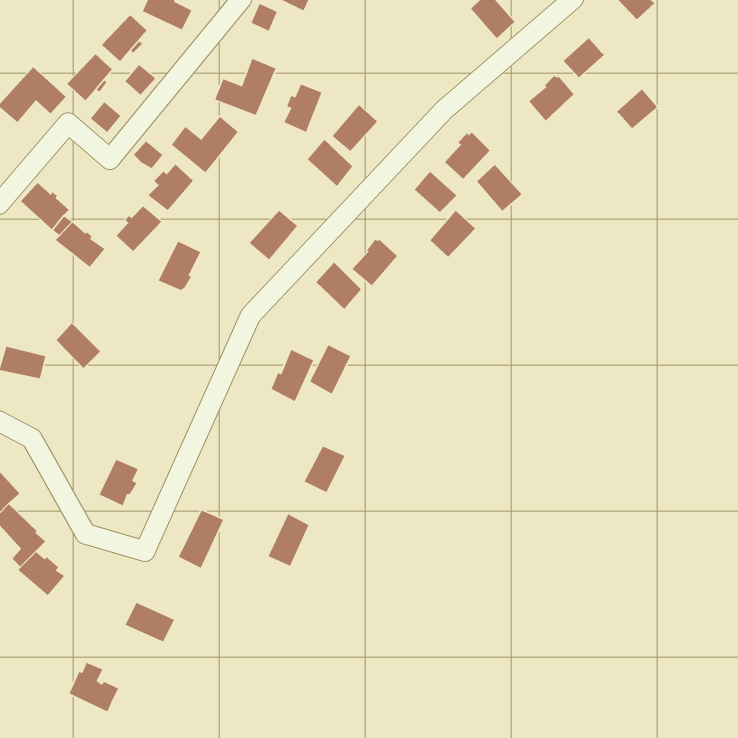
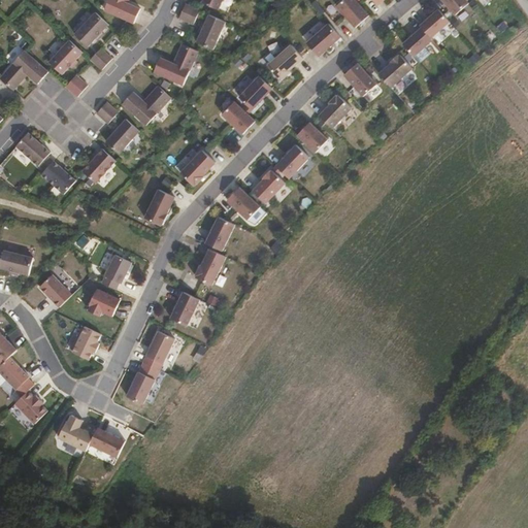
building: none -> [303,22,338,56]
building: none -> [264,42,300,77]
building: [283,84,322,133] -> [196,12,224,47]
building: [616,89,658,129] -> [418,8,448,37]
building: [476,164,522,212] -> [341,62,374,96]
building: [429,210,476,257] -> [274,143,307,177]
building: [158,240,201,291] -> [141,189,172,225]
building: [56,323,101,369] -> [37,275,69,308]
building: [309,344,351,395] -> [203,216,233,252]
building: none -> [100,255,130,289]
building: none -> [87,289,119,316]
building: [304,446,346,493] -> [168,292,198,326]
building: [267,513,309,567] -> [143,332,173,370]
building: [69,662,119,713] -> [58,417,94,453]

